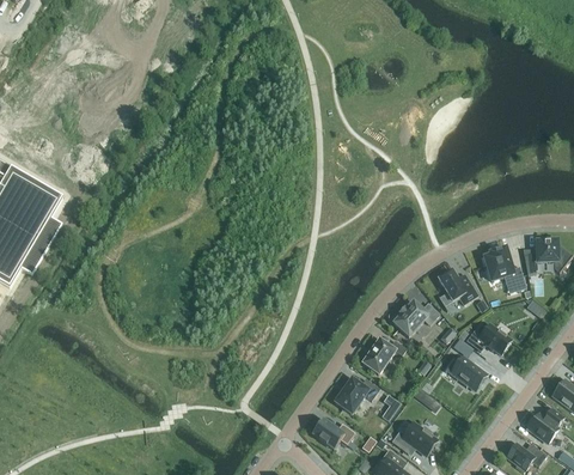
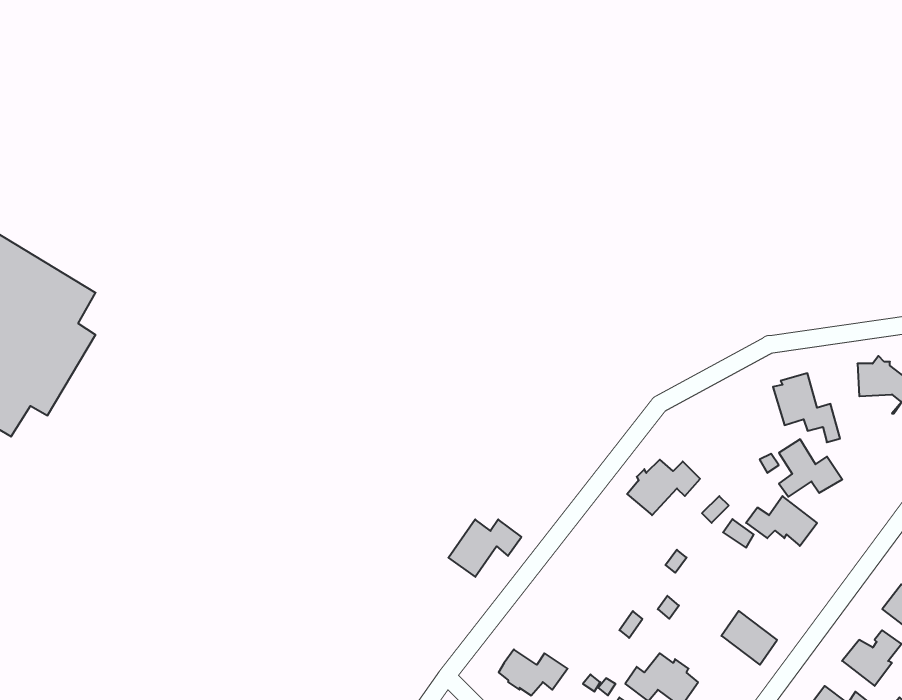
building: [438,270,477,306] -> [779,439,842,497]
building: [361,339,405,374] -> none
building: [451,357,486,390] -> [721,611,777,665]
building: [334,378,379,414] -> [448,519,521,577]

